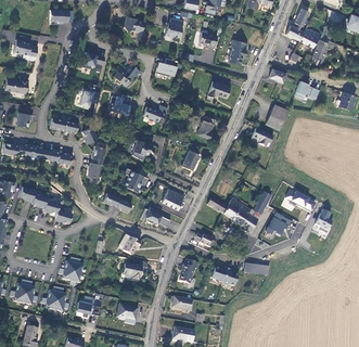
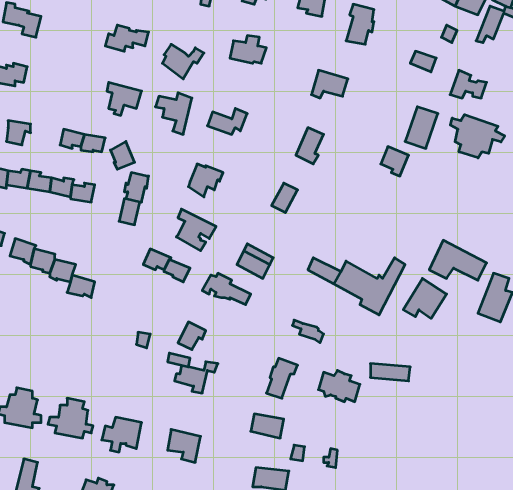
building: none -> [450,115,505,158]
building: [60,256,85,284] -> none

